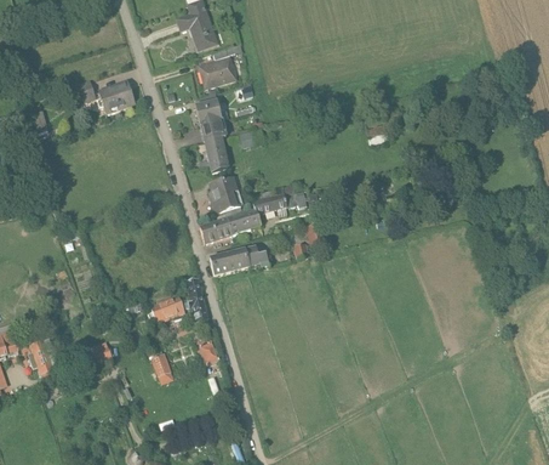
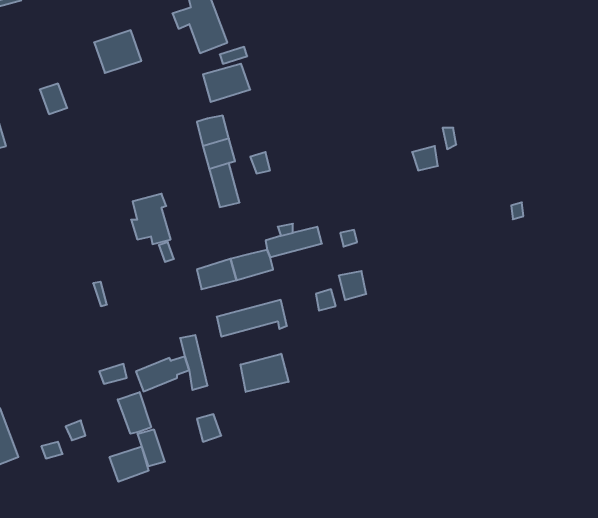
building: [95,75,132,109] -> [94,30,141,73]
building: [206,175,238,215] -> [131,194,171,244]
building: none -> [241,354,289,392]
building: none -> [118,392,151,434]
building: none -> [110,446,149,482]

